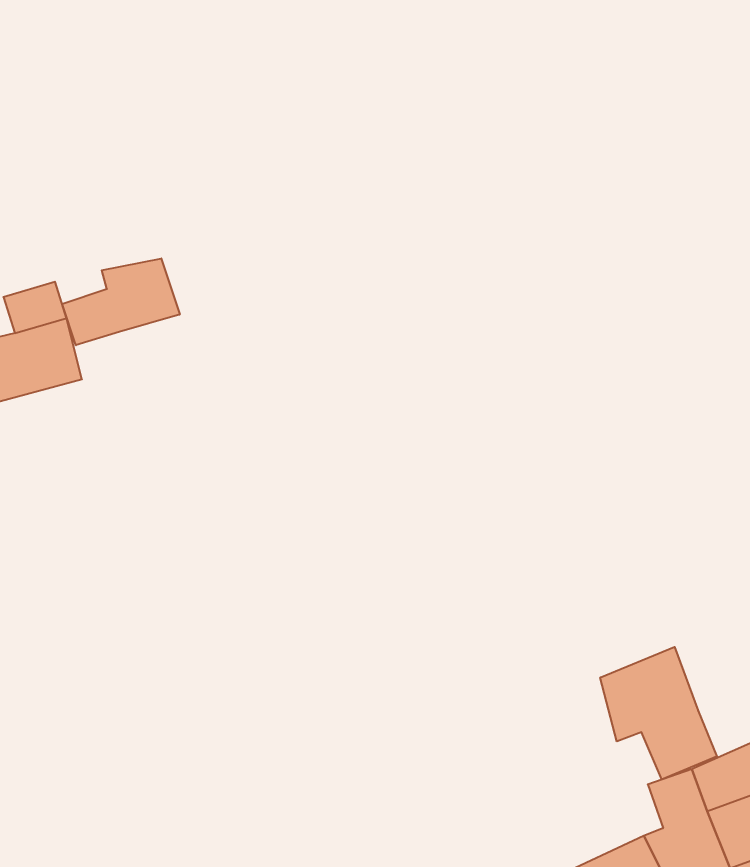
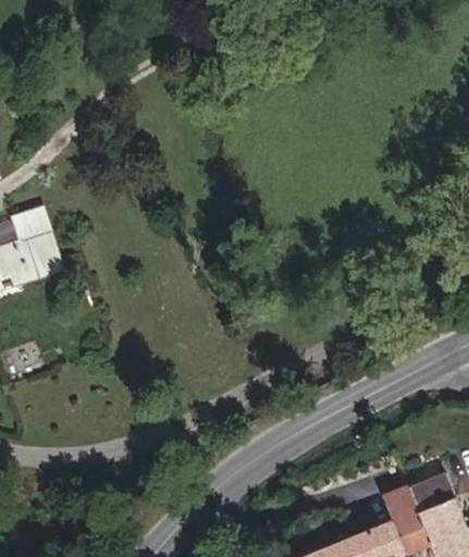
building: [62,258,180,345] -> none
building: [600,647,717,779] -> none

